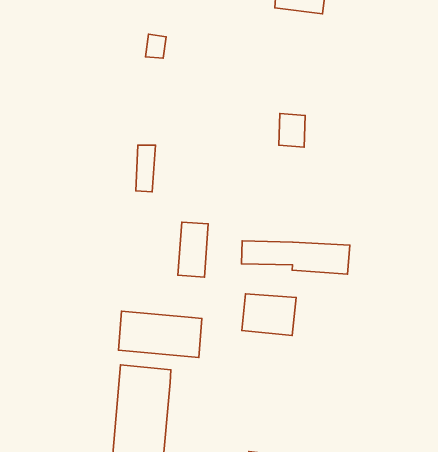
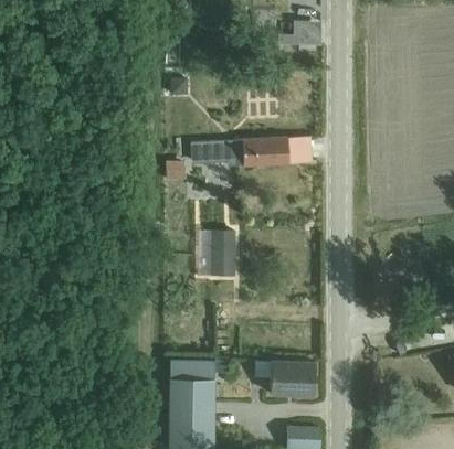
building: [242,241,350,274] -> [190,141,284,167]
building: [242,294,296,335] -> [268,362,314,395]
building: [118,311,202,357] -> none

